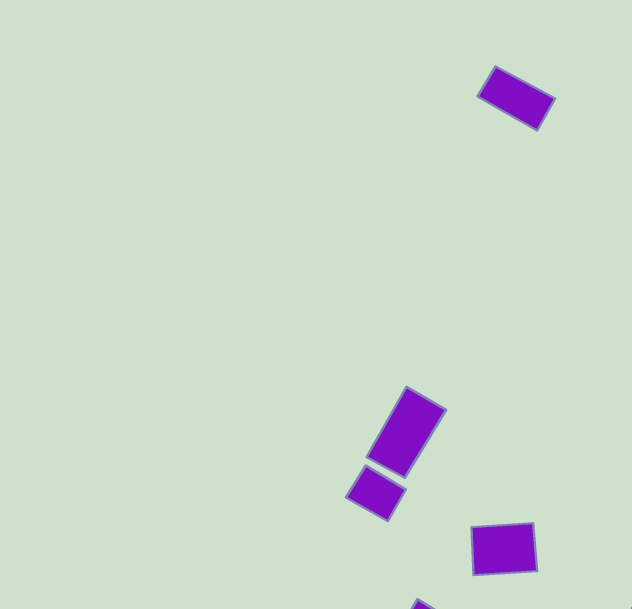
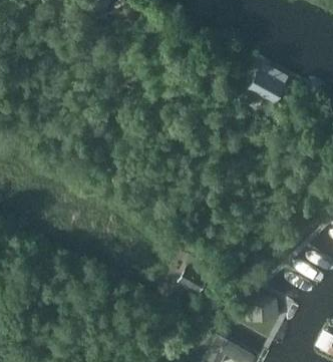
building: [366,387,446,478] -> none

